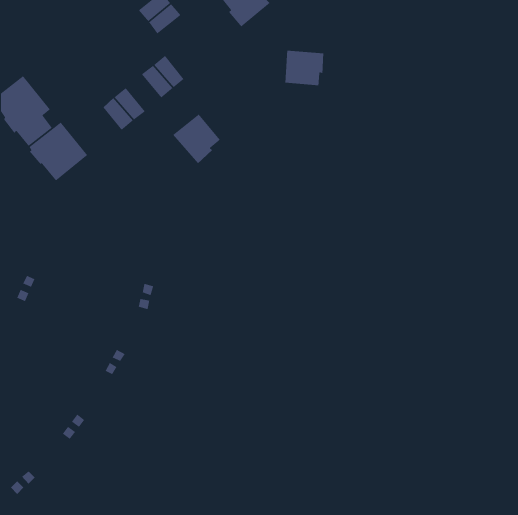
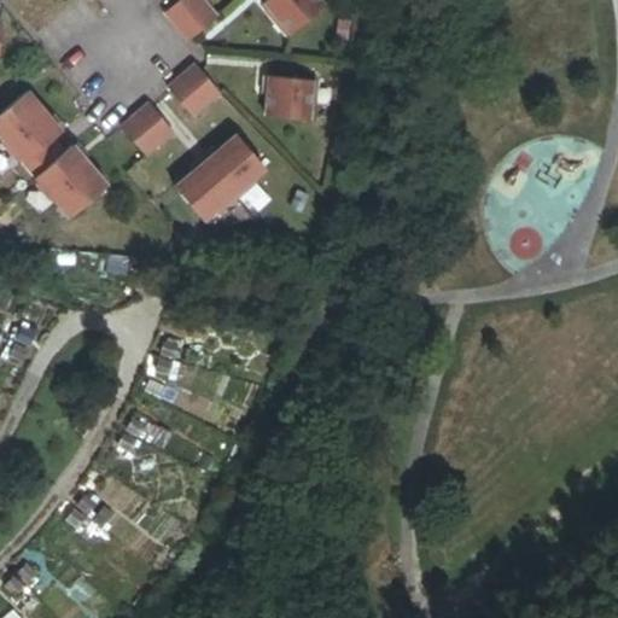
building: [285,50,324,86] -> [267,75,314,118]
building: none -> [175,161,235,218]

